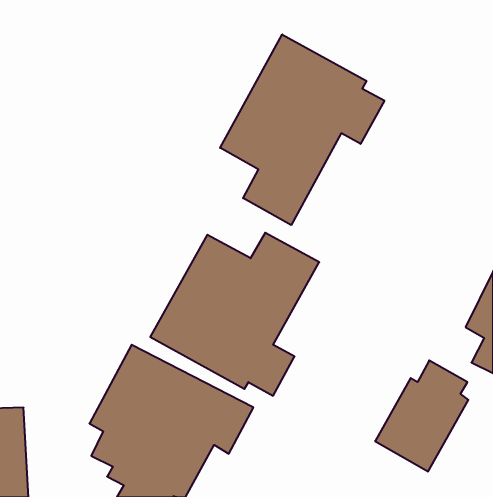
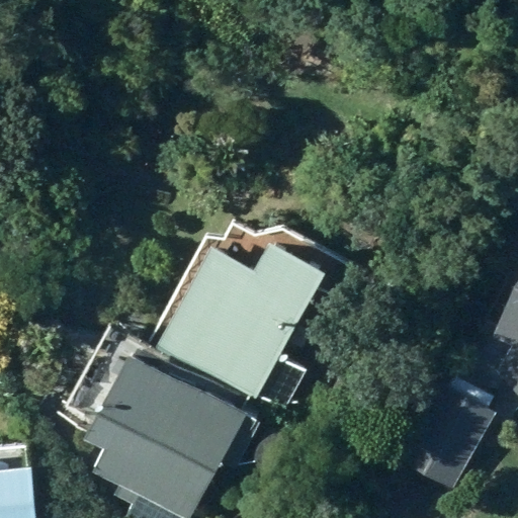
building: [220,34,384,225] -> none

